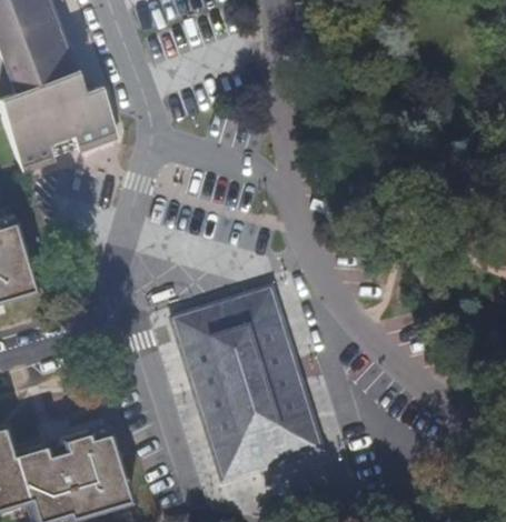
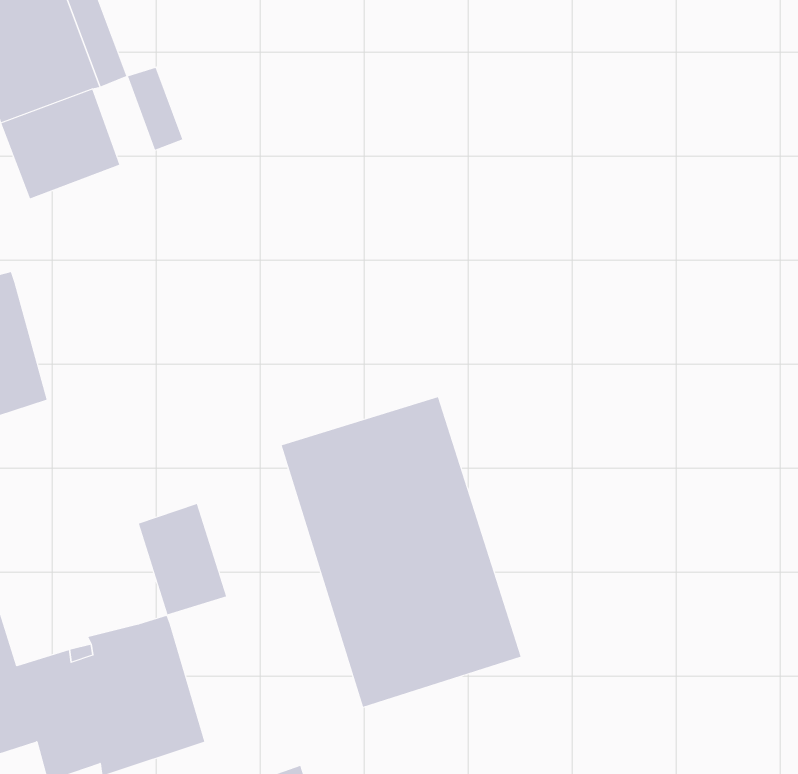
building: [59,91,97,145] -> none
building: none -> [138,503,227,615]

